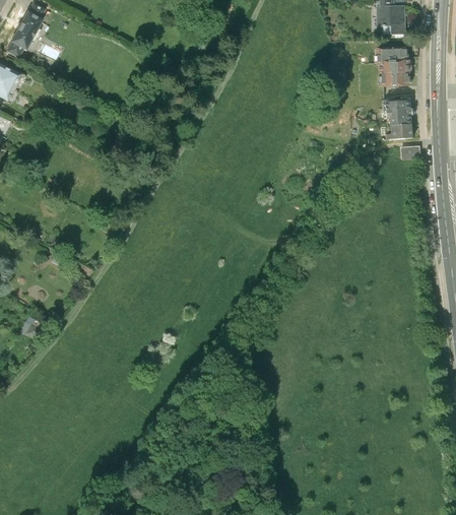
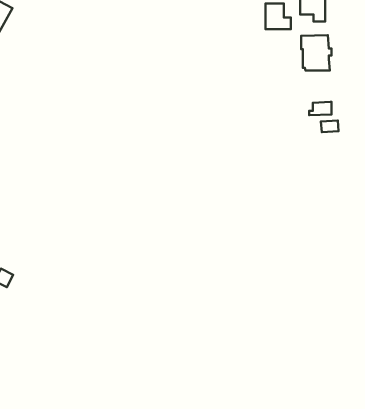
building: none -> [266,4,291,29]
building: [384,98,409,125] -> none

